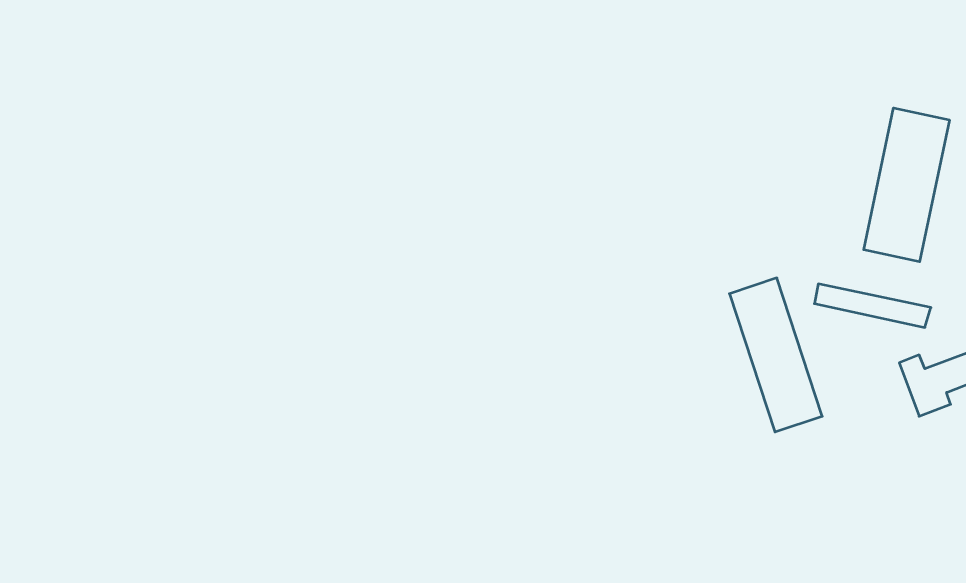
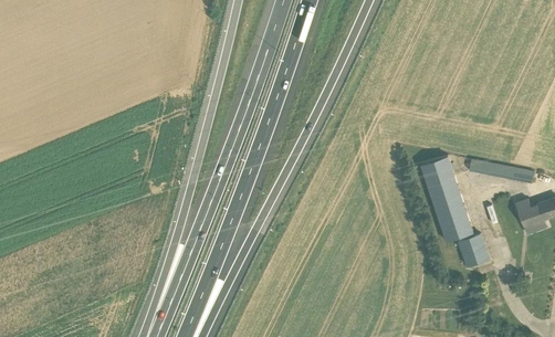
building: [864,108,949,262] -> none
building: none -> [457,233,491,267]

